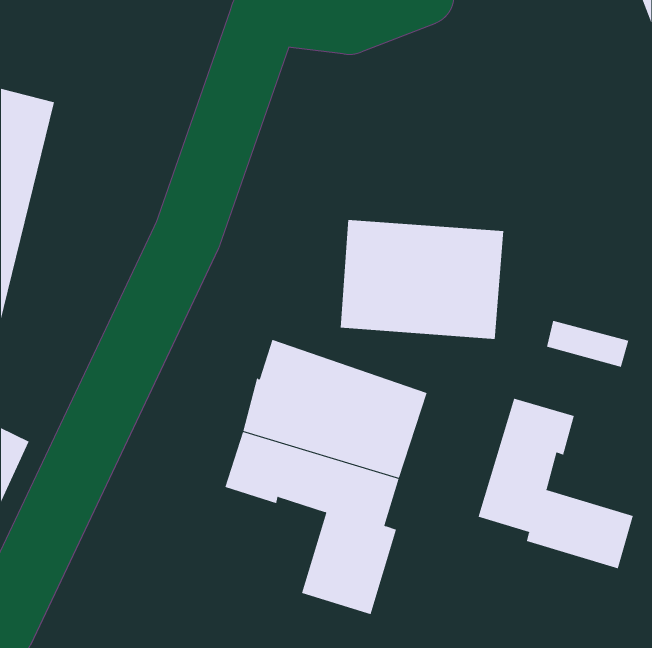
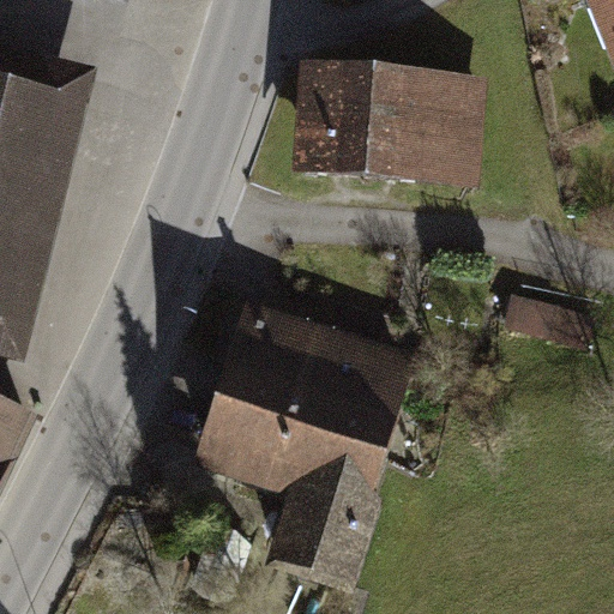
building: [340,219,504,339] -> [320,68,475,181]
building: [478,398,634,569] -> none

